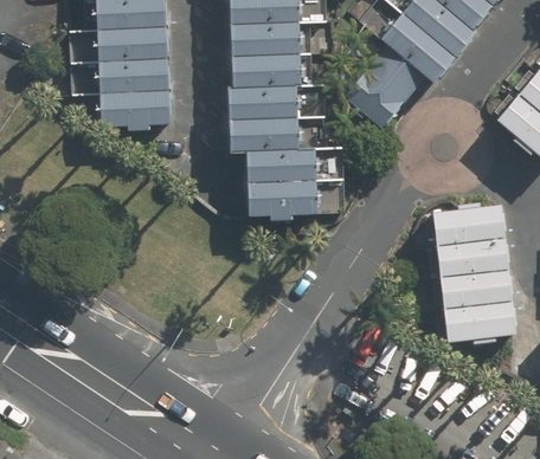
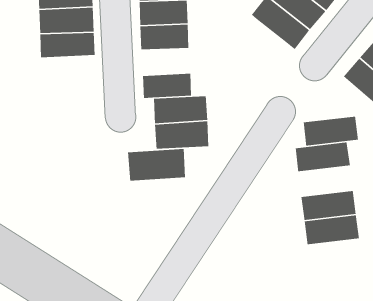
building: [339,46,420,128] -> none
building: [230,84,296,119] -> none
building: [98,93,172,129] -> none
building: none -> [127,148,186,181]
building: [436,238,509,278] -> [303,116,359,146]

